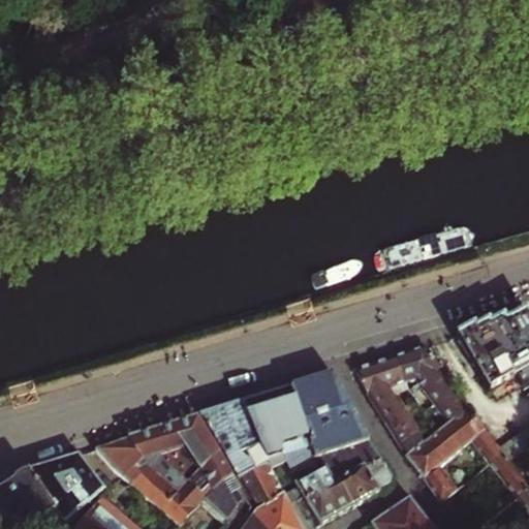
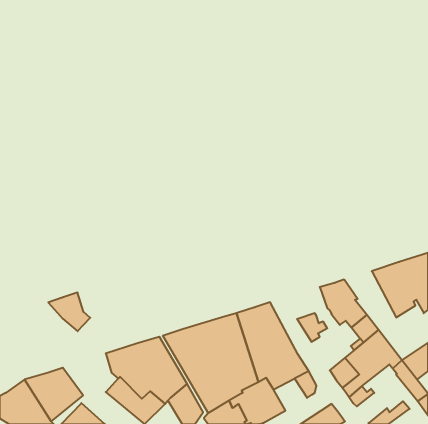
building: [354,353,406,393] -> none
building: [383,404,425,456] -> none
building: [94,435,146,483] -> [48,293,90,331]
building: [337,466,378,505] -> none

